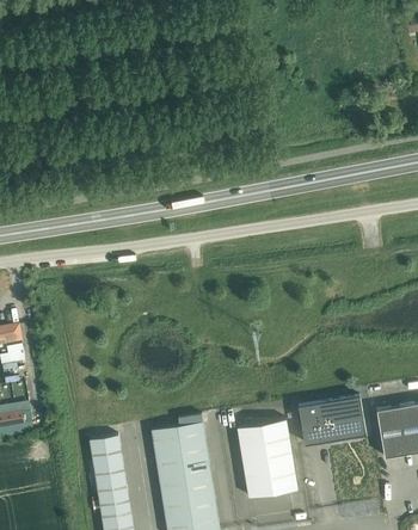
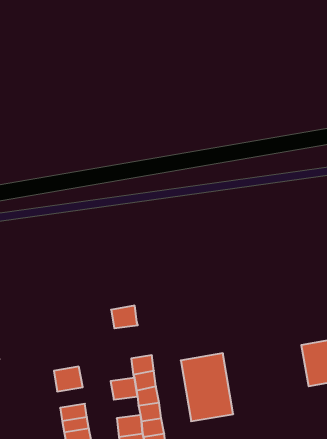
building: [299,395,367,444] -> none
building: [152,425,183,451] -> [111,306,138,328]
building: [93,458,125,482] -> none
building: [159,469,190,494] -> none

